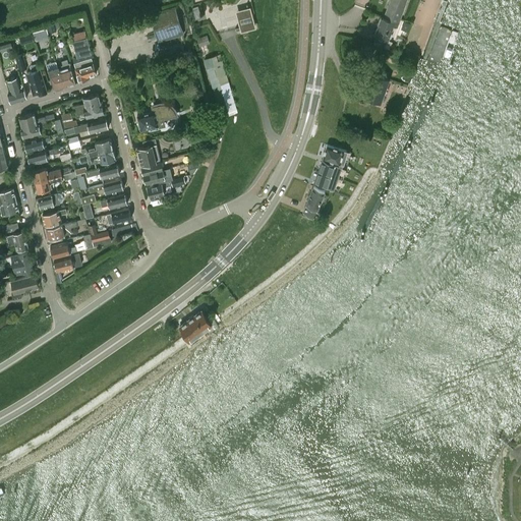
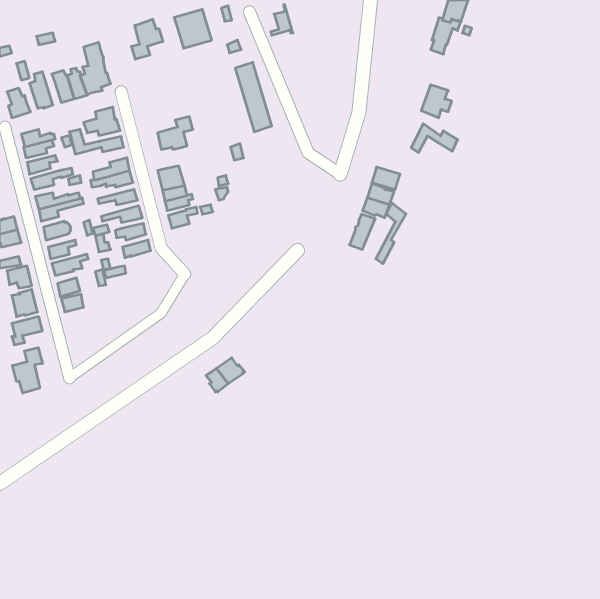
building: none -> [131,19,163,59]
building: none -> [411,124,458,152]
building: none -> [376,203,406,264]
building: none -> [12,348,42,393]

